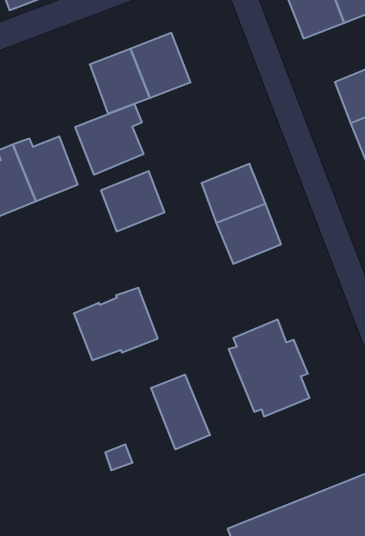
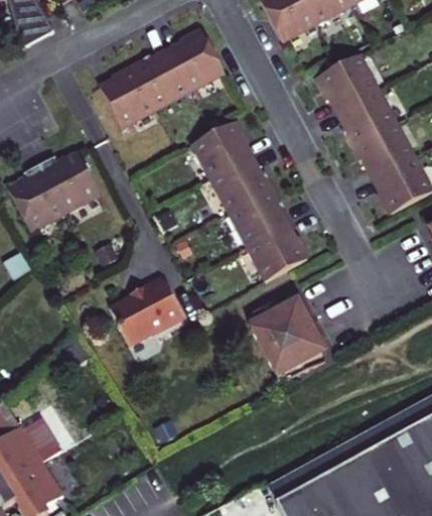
building: none -> [168,31,225,91]
building: [75,104,143,175] -> none
building: [101,171,165,231] -> [192,122,251,178]
building: none -> [247,224,305,280]
building: [151,375,210,449] -> none

